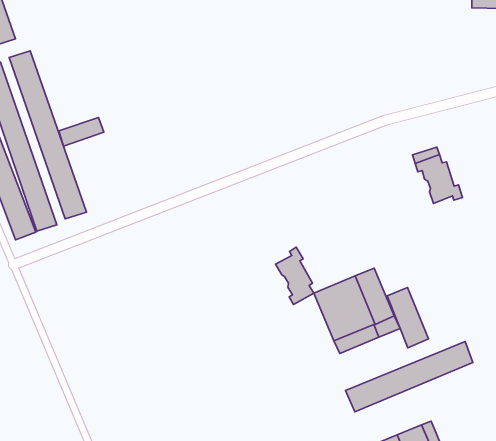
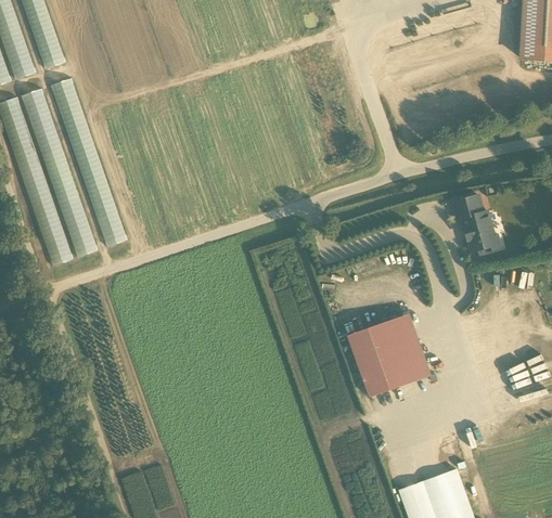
building: [59,117,104,146] -> none
building: [276,247,314,305] -> none
building: [387,288,429,348] -> none
building: [346,342,473,412] -> none

